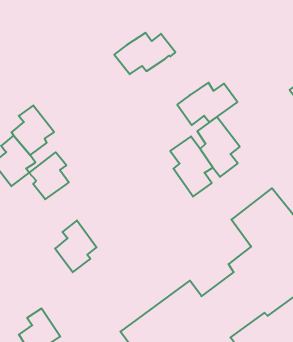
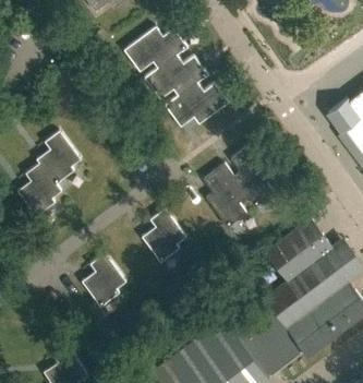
building: none -> [123,27,187,72]
building: [177,83,237,125] -> [165,83,228,128]
building: [29,152,69,199] -> none
building: none -> [142,210,185,263]

